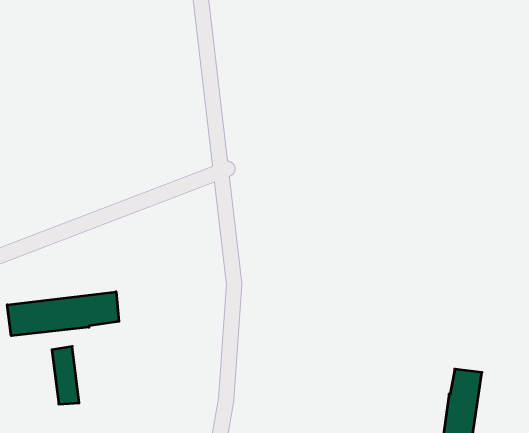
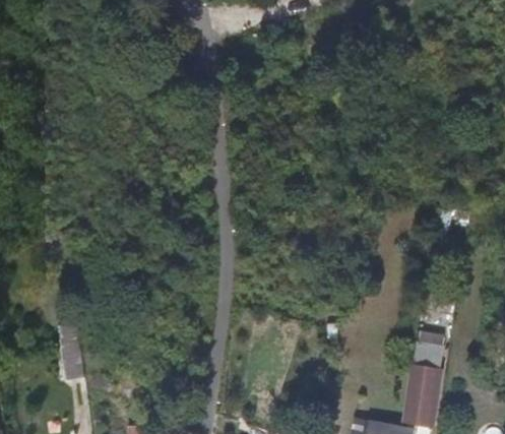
building: [7,292,119,336] -> none

